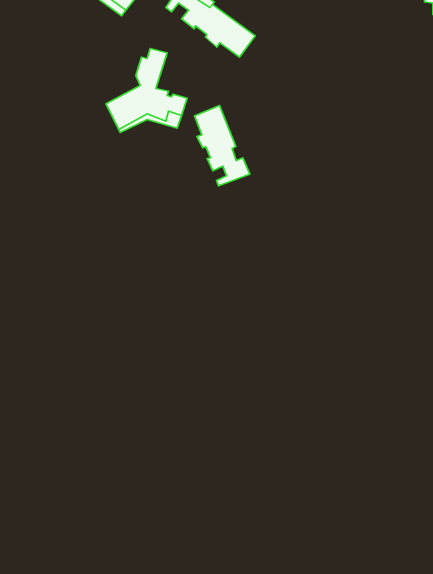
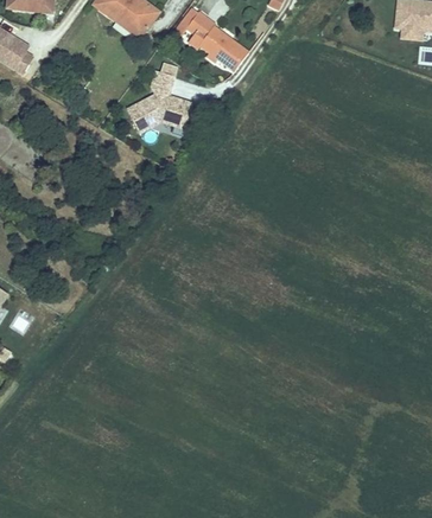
building: [195,106,250,186] -> none

